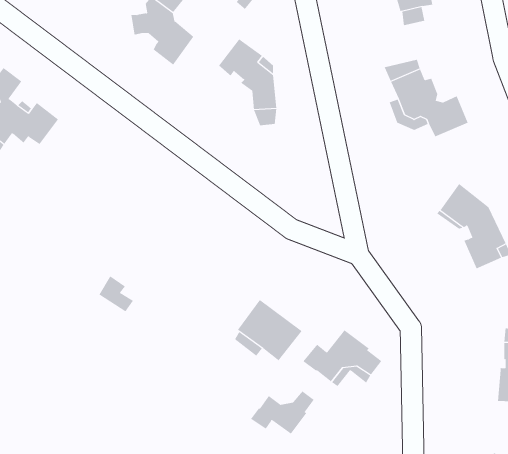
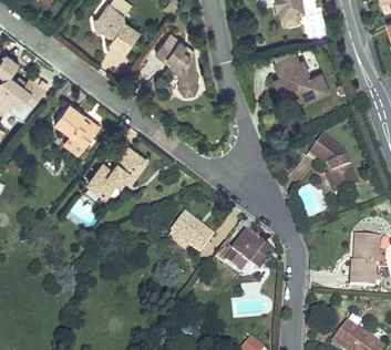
building: none -> [54,103,101,155]
building: none -> [89,148,146,197]
building: [250,391,315,434] -> none

